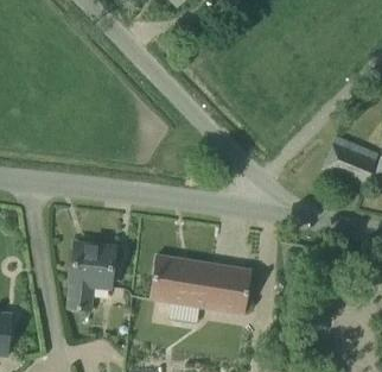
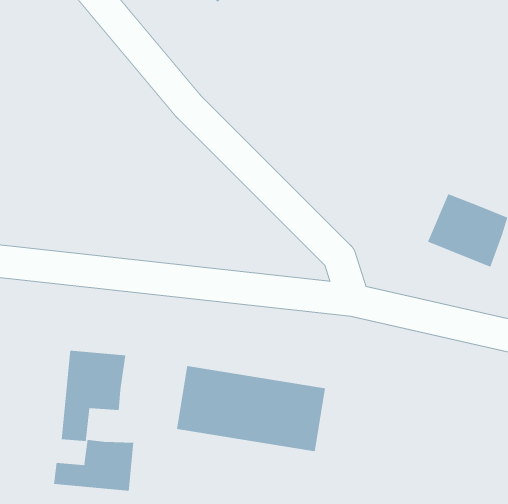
building: none -> [54,439,134,491]

